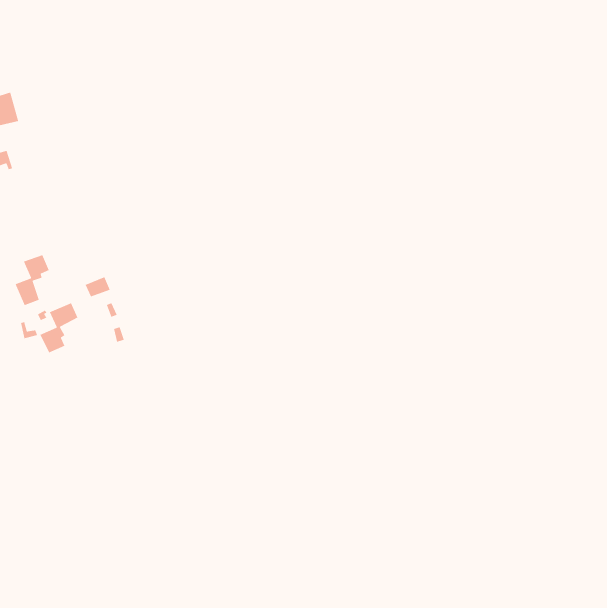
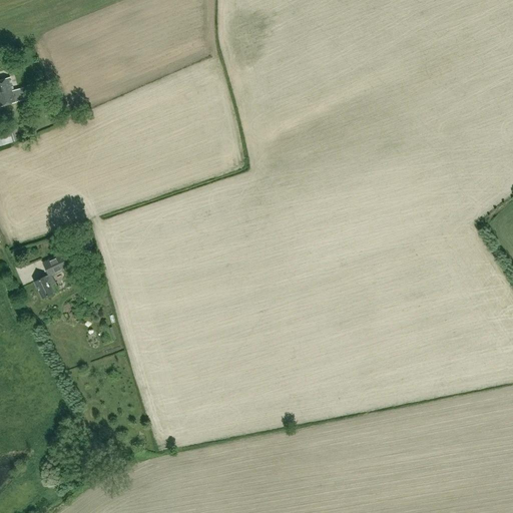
building: [14,254,50,306] -> none

